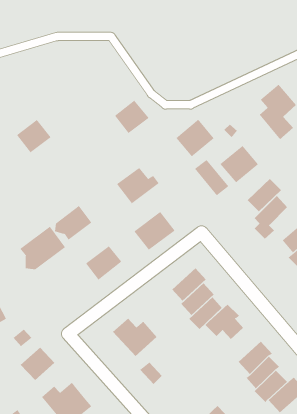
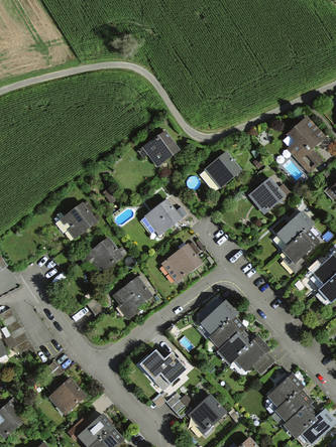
building: [16,119,51,153] -> [60,202,95,237]
building: [194,159,229,196] -> none
building: [19,226,66,270] -> none
building: none -> [192,399,226,433]

